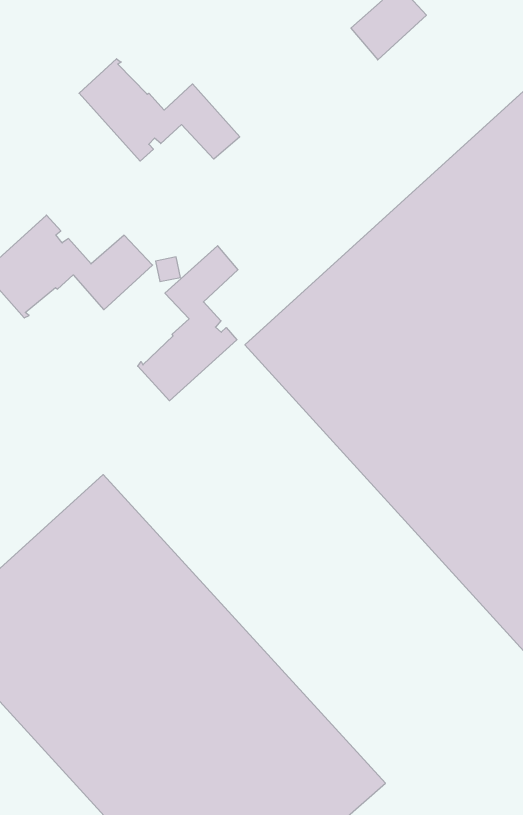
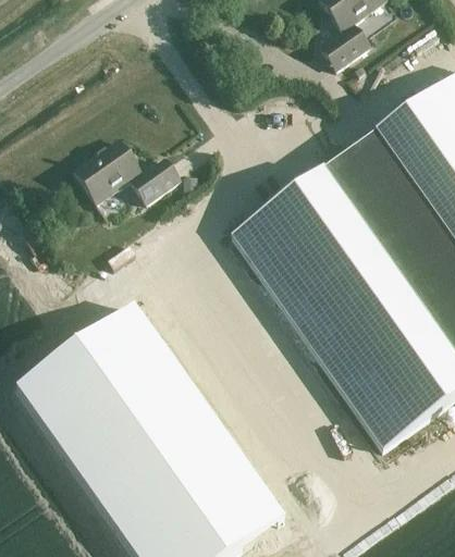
building: [79,59,240,161] -> none
building: [138,246,238,401] -> none

